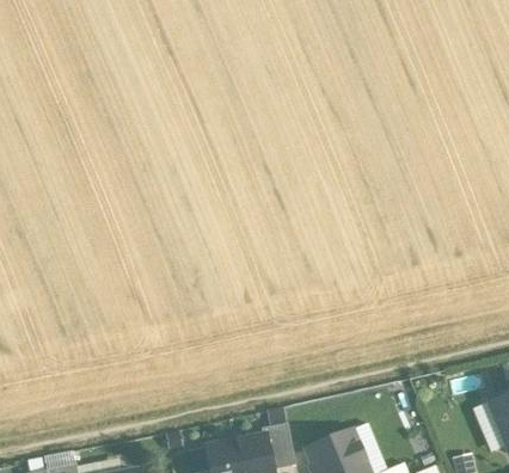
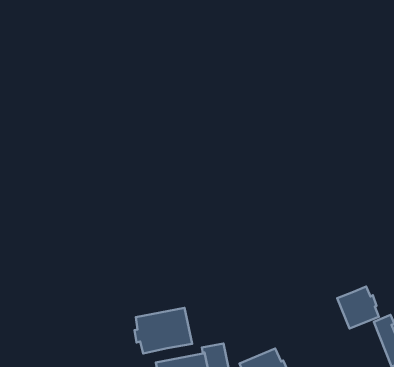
building: none -> [337,286,379,329]
building: none -> [135,308,192,353]

